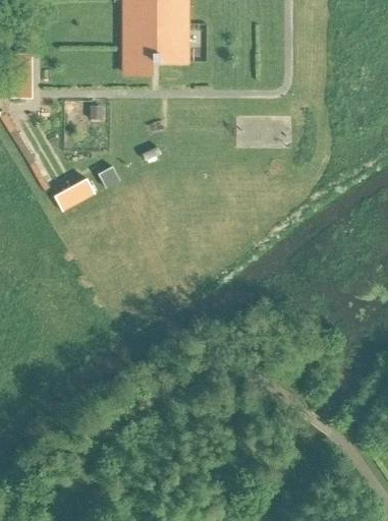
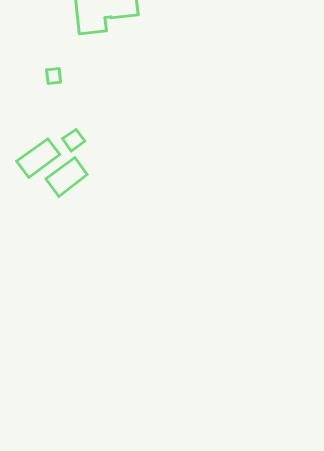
building: none -> [46,157,87,196]

